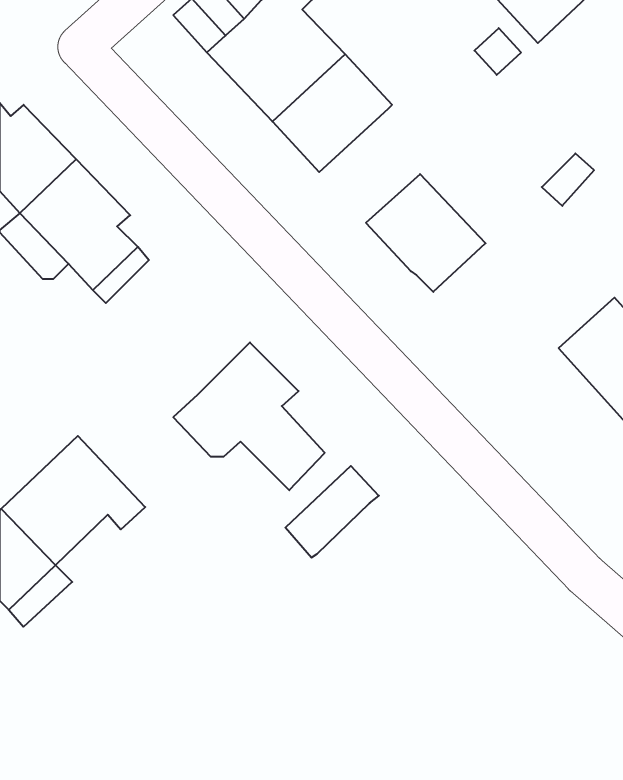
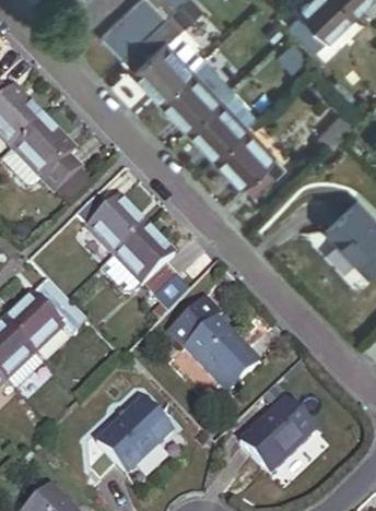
building: none -> [187,90,256,156]
building: none -> [77,194,146,257]
building: none -> [186,320,259,394]
building: none -> [98,401,173,475]
building: none -> [240,401,315,475]

